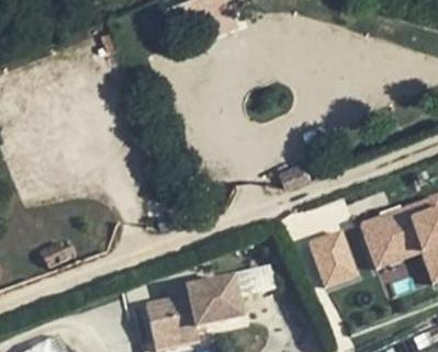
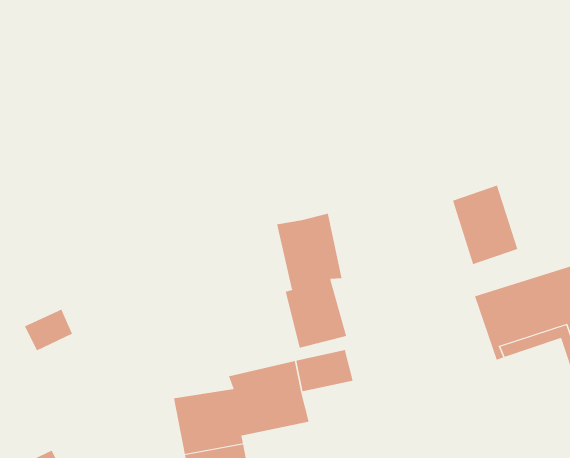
building: none -> [276,213,347,348]
building: [306,237,352,293] -> [452,185,518,265]

